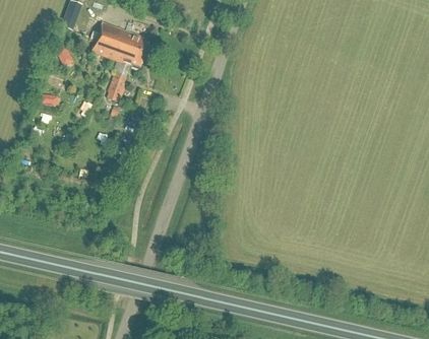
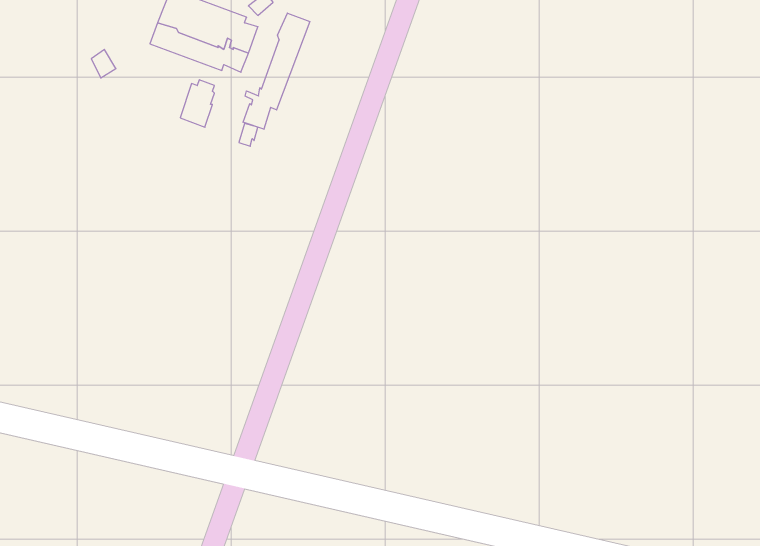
building: none -> [243,13,310,129]

